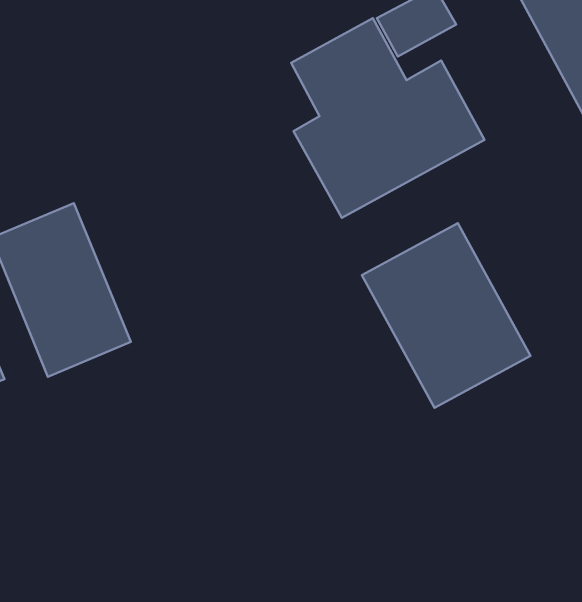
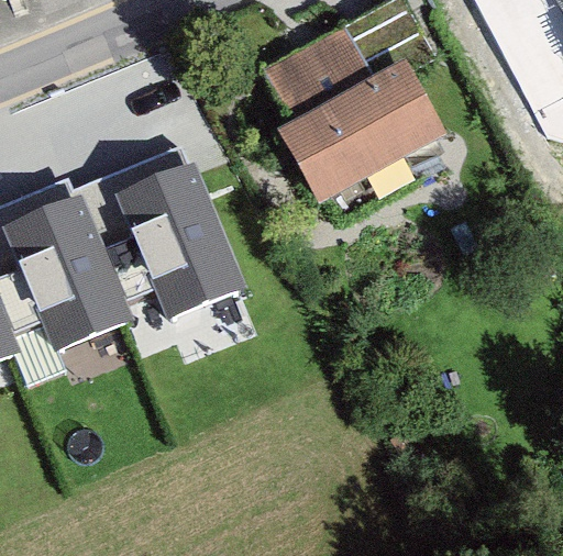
building: none -> [119,159,244,312]
building: [362,223,531,408] -> none

